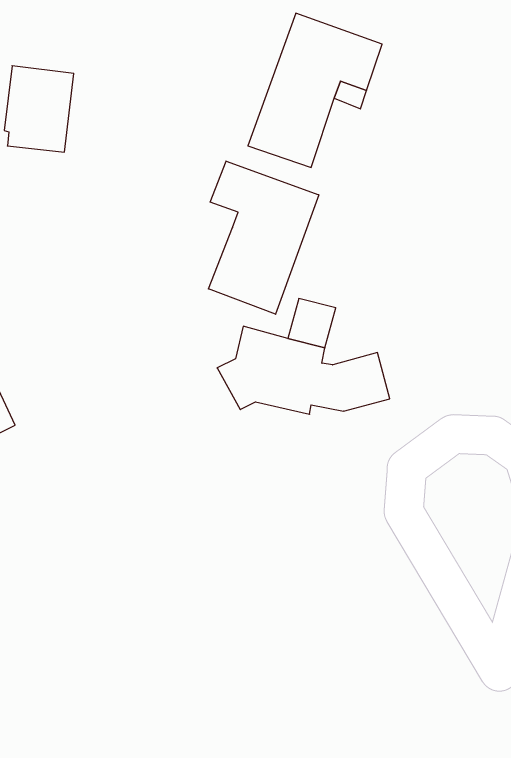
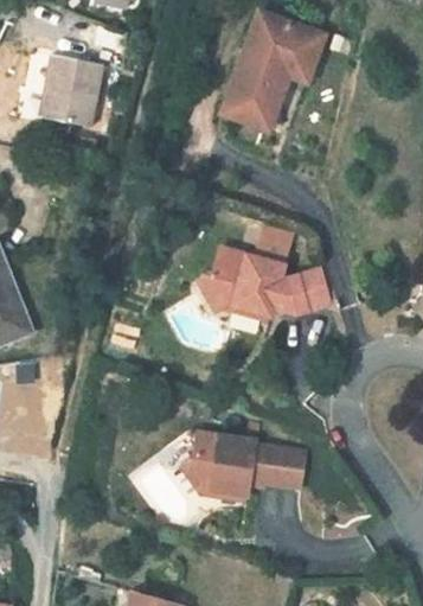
building: [208,161,319,314] -> none
building: none -> [180,432,302,498]

